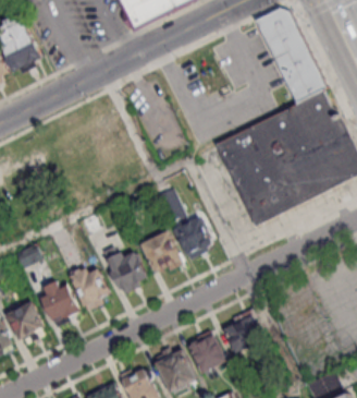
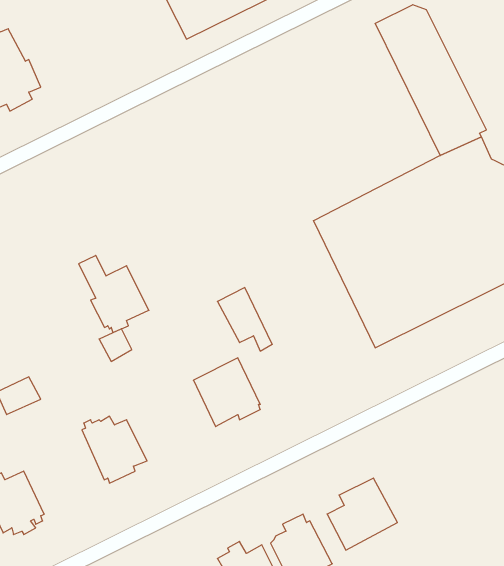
building: [174,217,212,260] -> none
building: [102,244,147,293] -> [79,255,149,333]
building: [38,280,78,327] -> none

